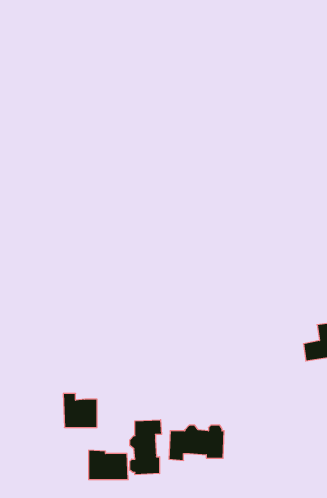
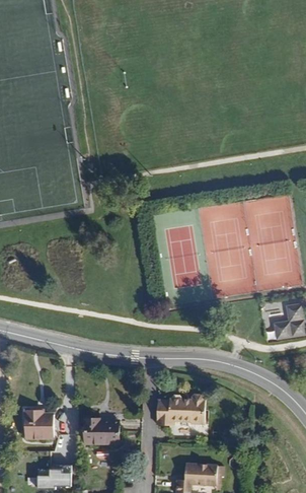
building: [63,394,97,427] -> [22,409,53,439]
building: [130,420,162,475] -> none

